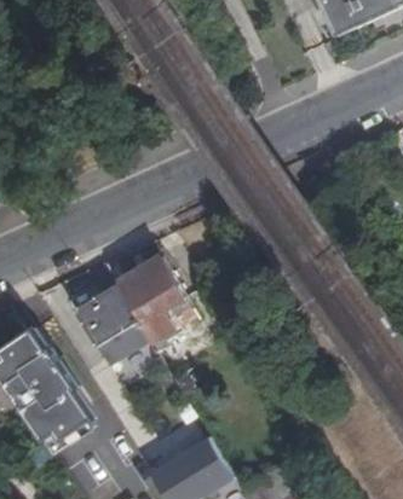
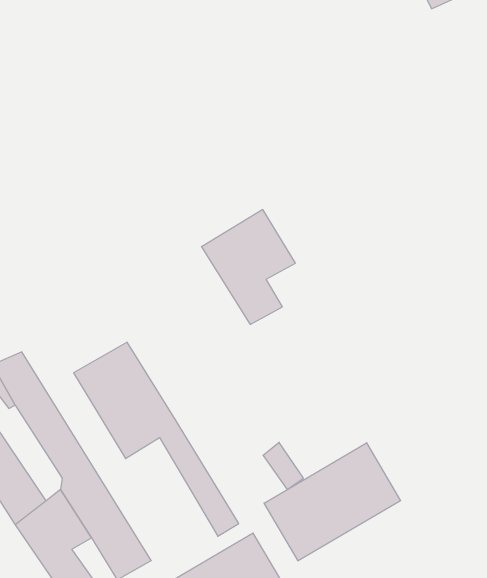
building: [110,256,180,342] -> [201,210,295,324]
building: none -> [264,443,401,561]

